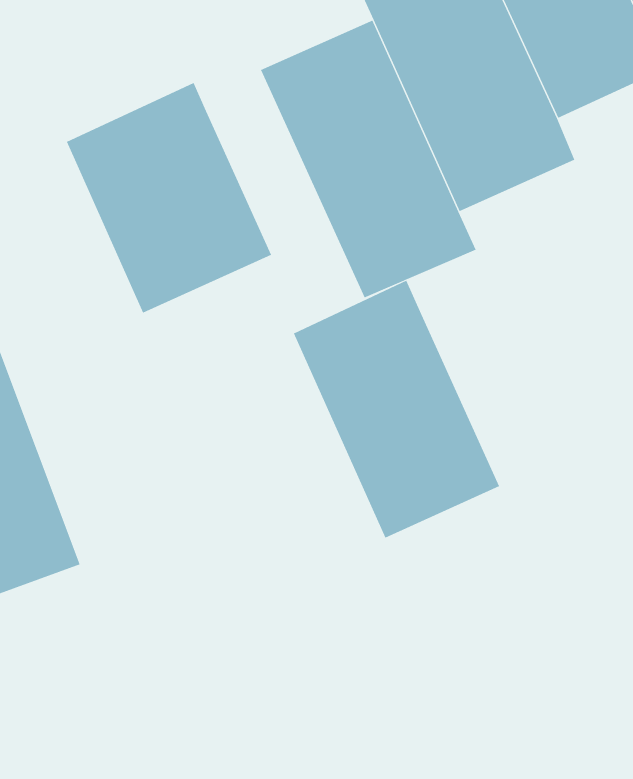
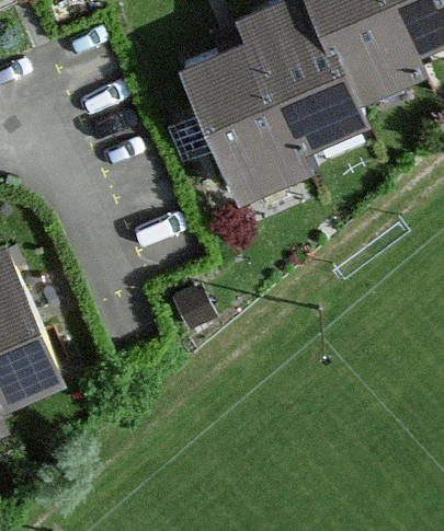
building: [66,82,272,314] -> none
building: [293,280,500,539] -> none

